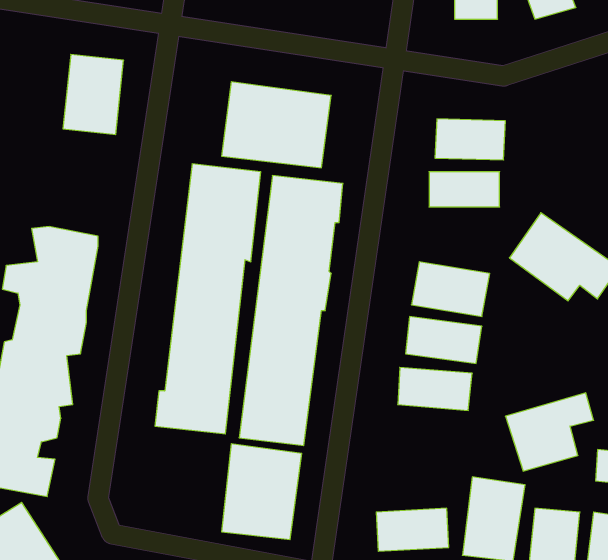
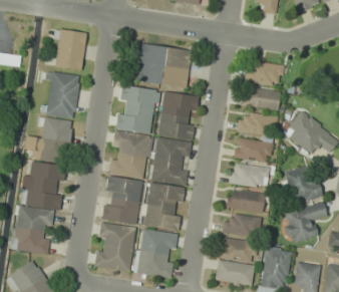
building: none -> [40,70,81,119]
building: none -> [238,111,275,136]
building: none -> [286,169,321,203]
building: none -> [223,213,262,238]
building: none -> [93,222,136,272]
building: none -> [219,238,258,263]

